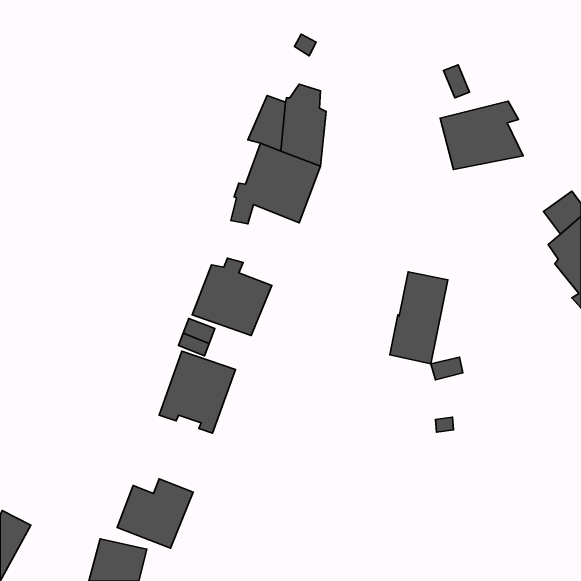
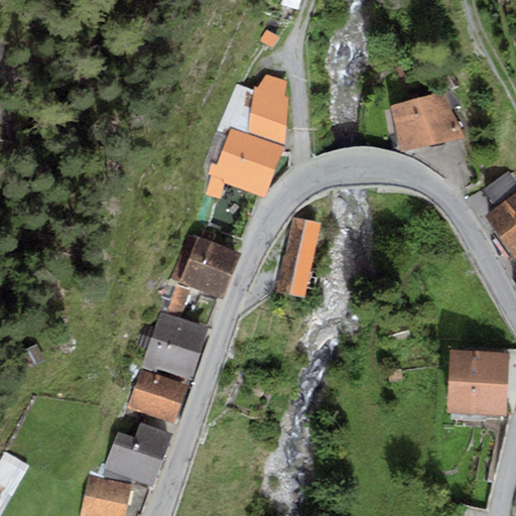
building: [390,272,448,364] -> [276,217,328,298]
building: none -> [445,349,509,414]
building: none -> [128,370,187,423]

